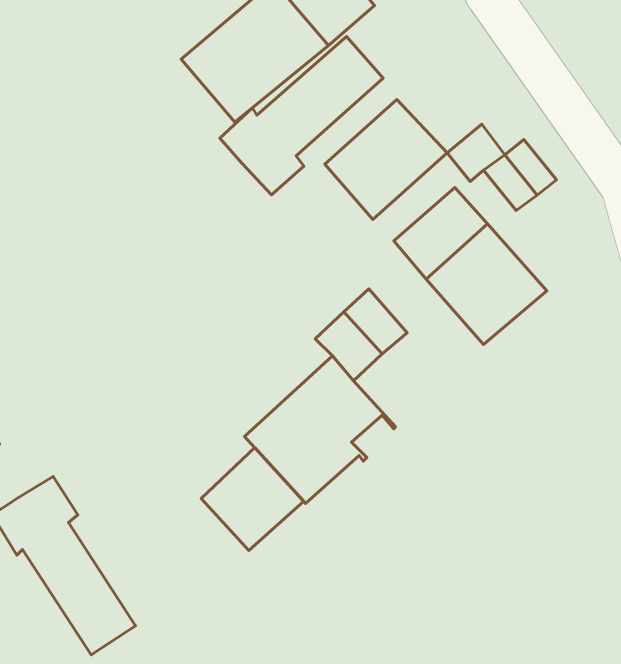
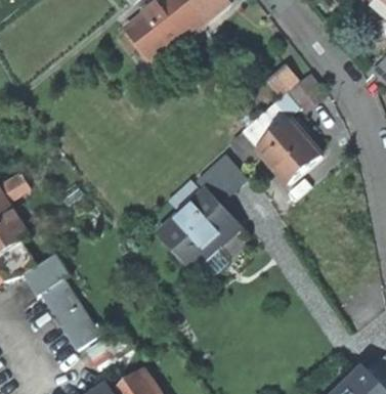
building: [220,37,383,195] -> none
building: [325,100,447,219] -> none
building: [201,448,304,550] -> none

